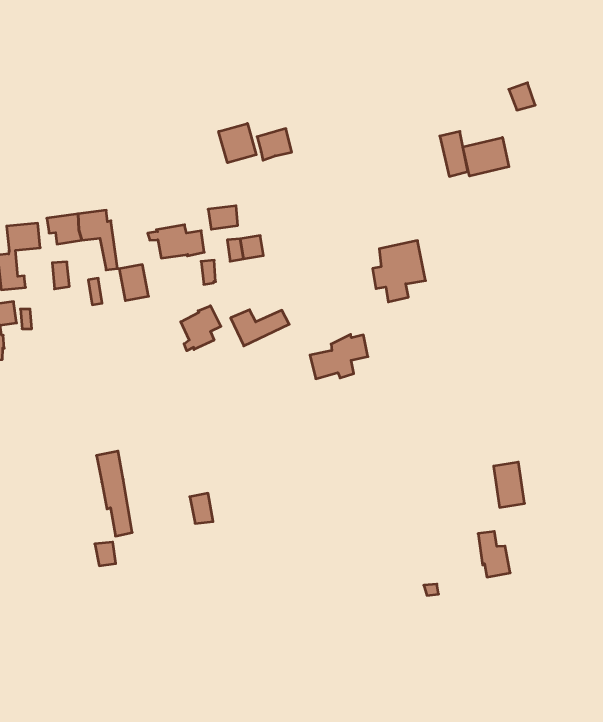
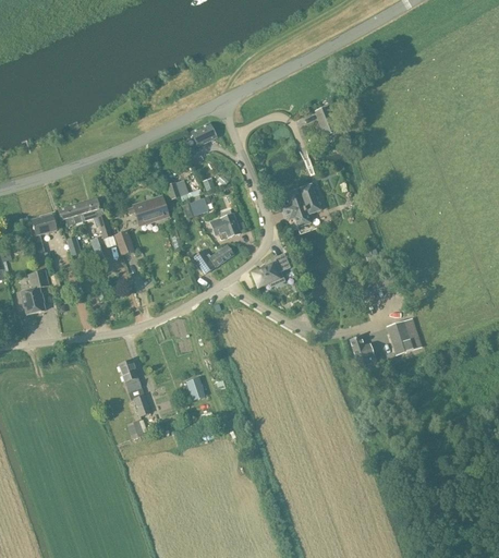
building: [219,123,256,163] -> none
building: [463,137,509,176] -> none
building: none -> [210,209,241,240]
building: [181,306,221,351] -> none
building: [478,531,510,577] -> [350,336,376,367]

